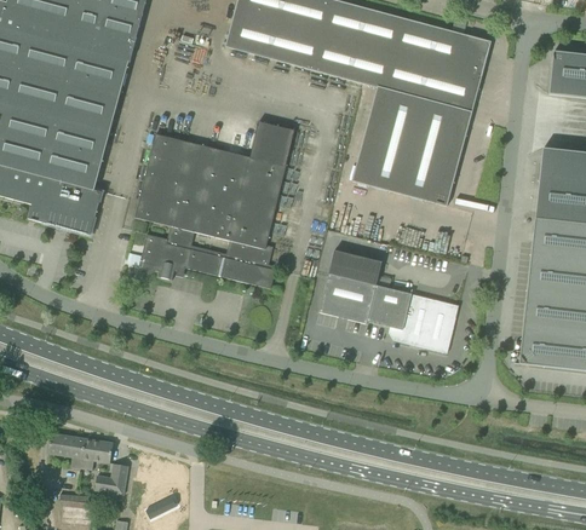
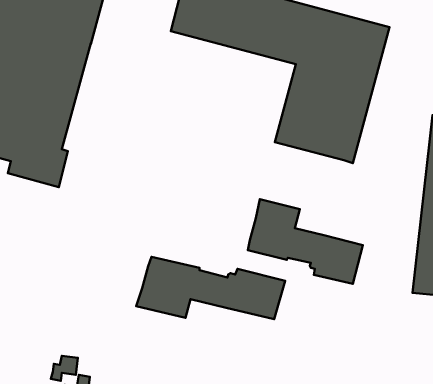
building: [134,120,294,288] -> none
building: none -> [136,257,285,319]
building: [47,433,93,467] -> none

